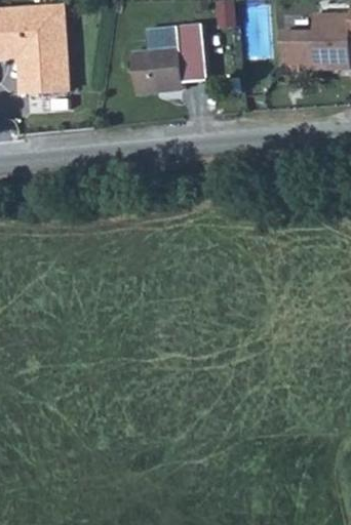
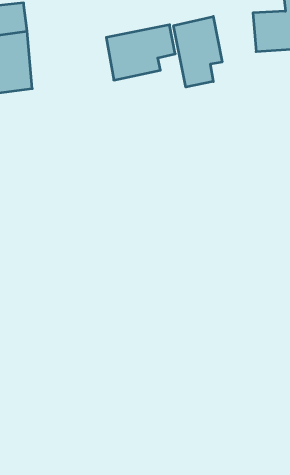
building: none -> [174,16,222,87]

